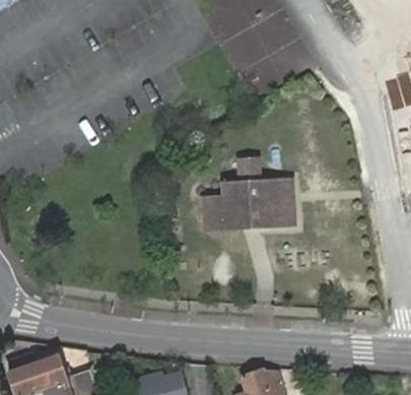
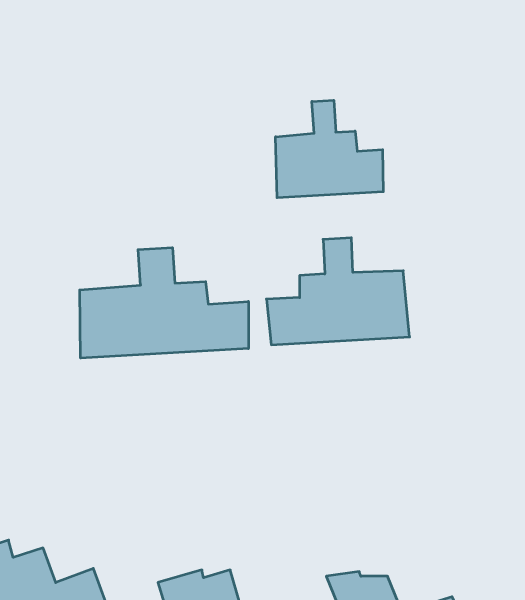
building: none -> [276,100,383,198]
building: none -> [80,248,248,358]

